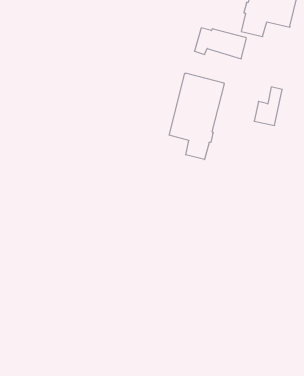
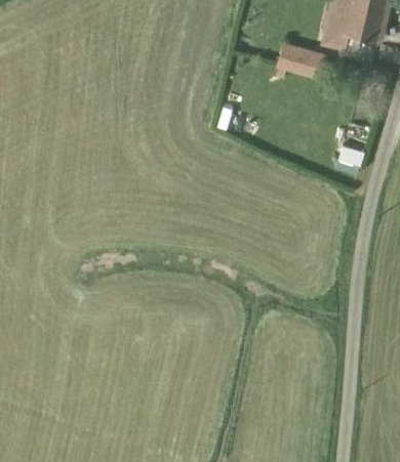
building: [169,73,224,160] -> none

